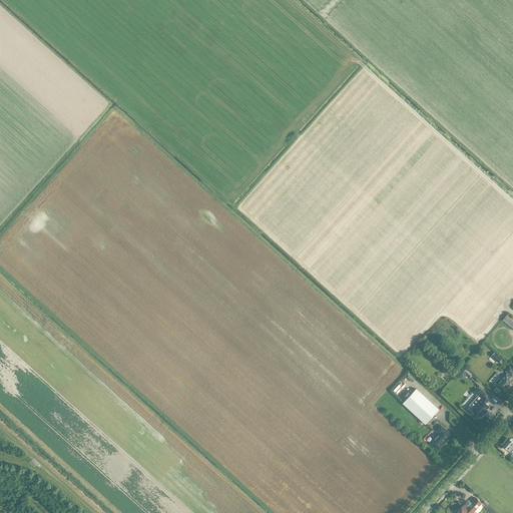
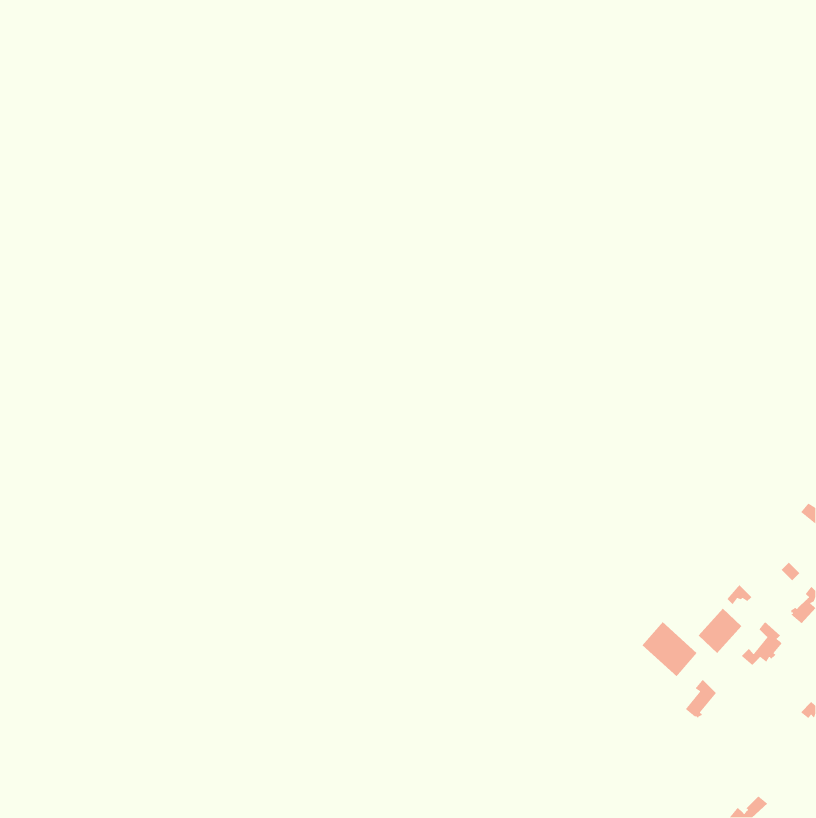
building: none -> [698,608,742,654]

